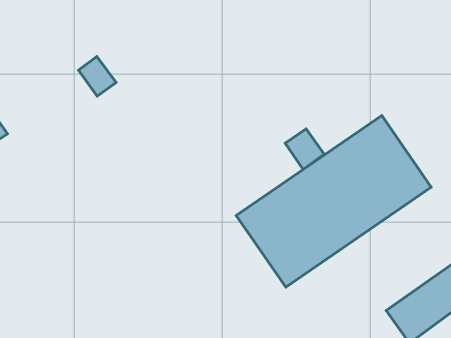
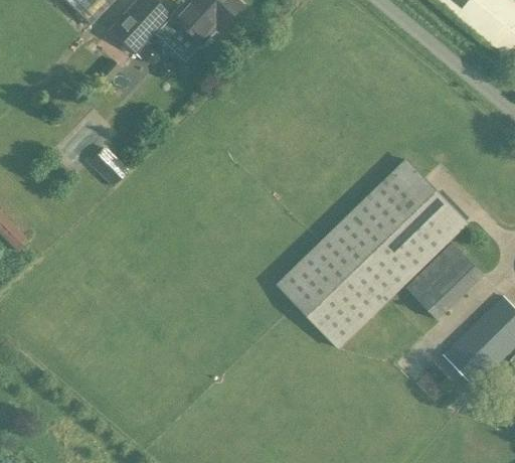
building: [285,129,324,169] -> none
building: none -> [404,242,483,321]

